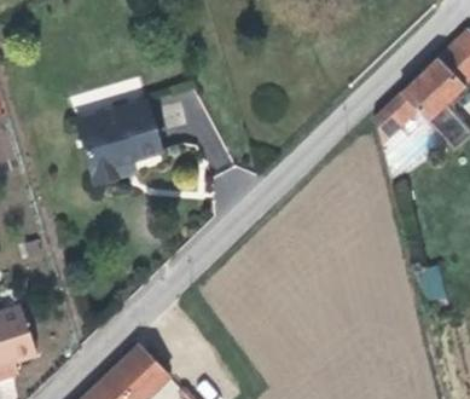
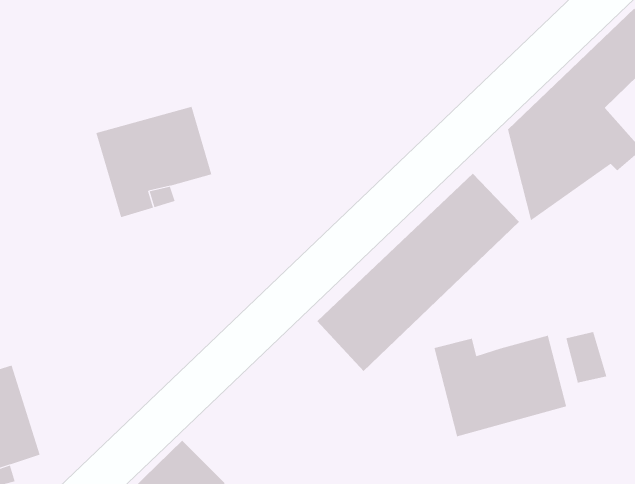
building: none -> [317,173,520,372]
building: none -> [434,335,567,437]

